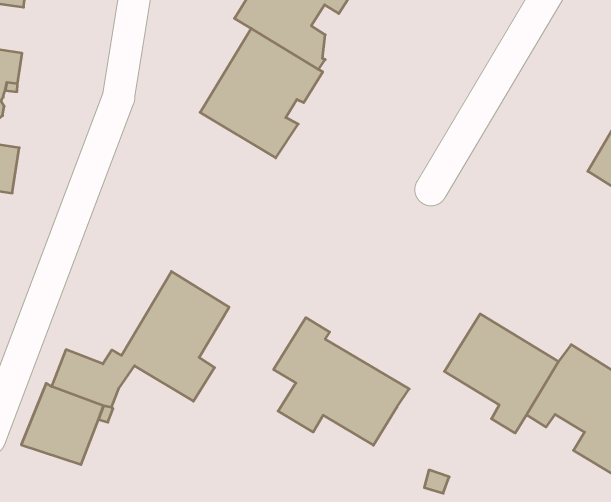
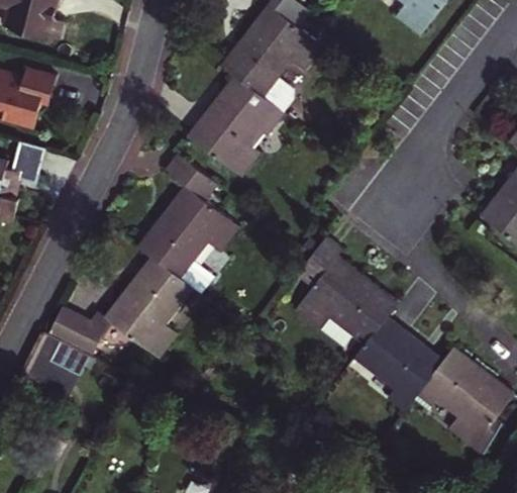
building: none -> [137,155,239,292]
building: [274,318,409,445] -> [294,238,397,342]

